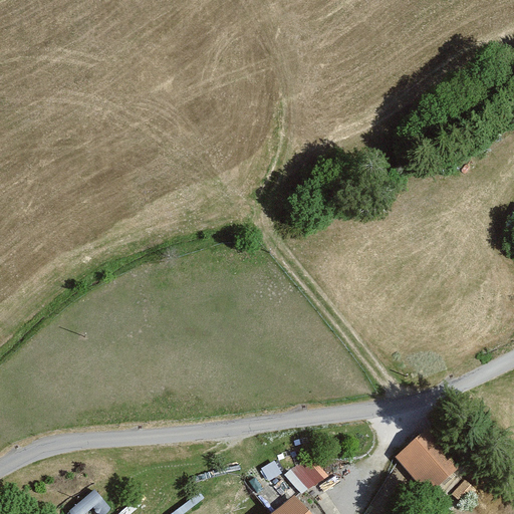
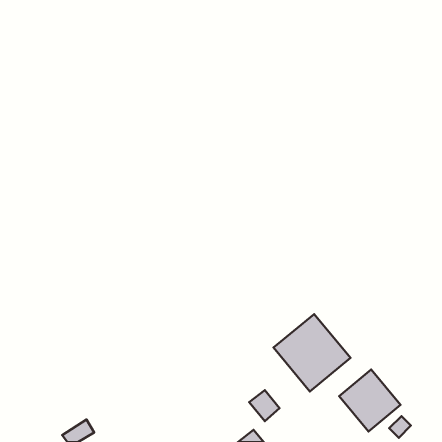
building: none -> [273,314,351,391]

